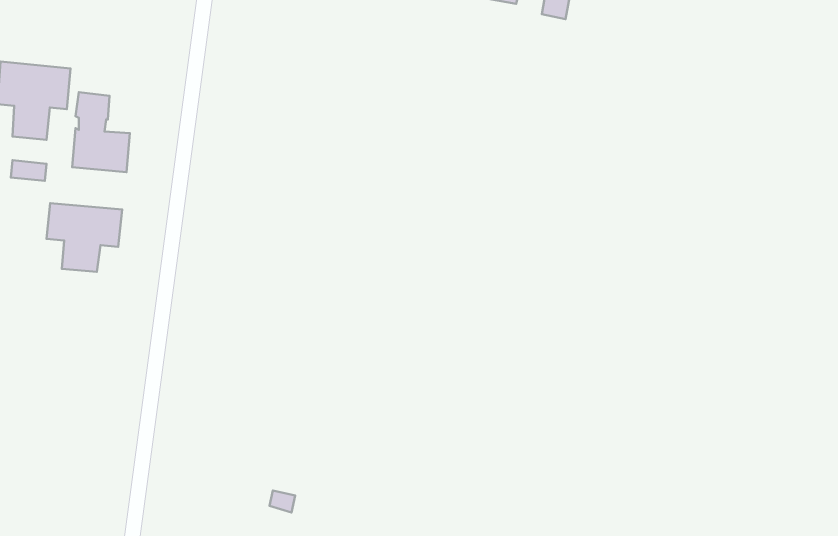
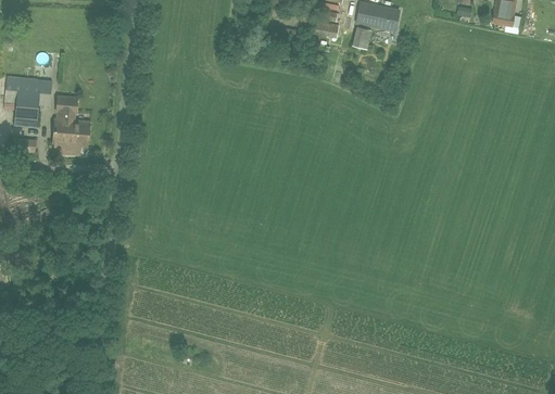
building: [46,203,122,272] -> none

